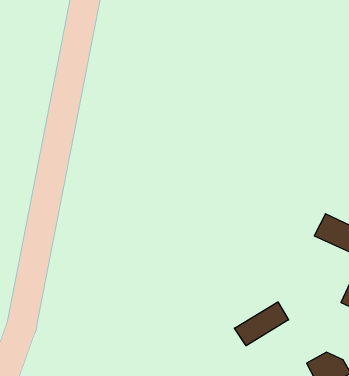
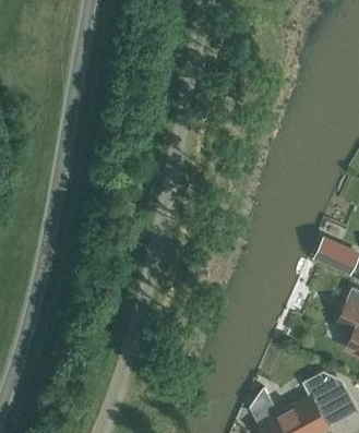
building: [234,302,289,346] -> none

